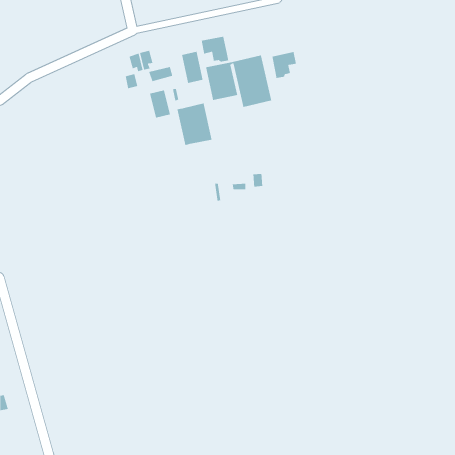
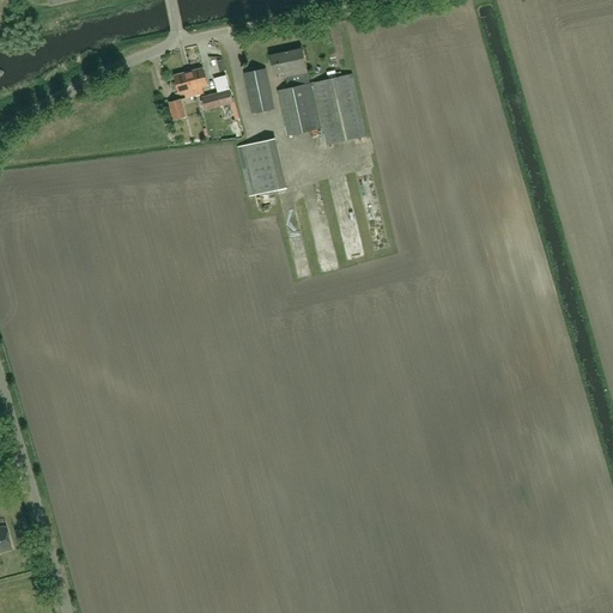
building: [271,51,297,79] -> none
building: [149,89,171,119] -> none

